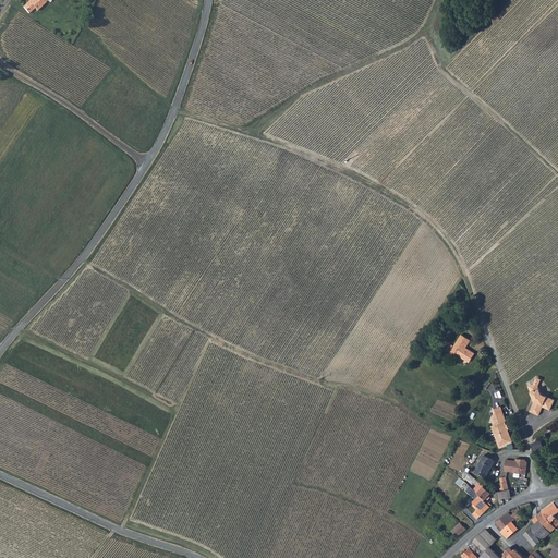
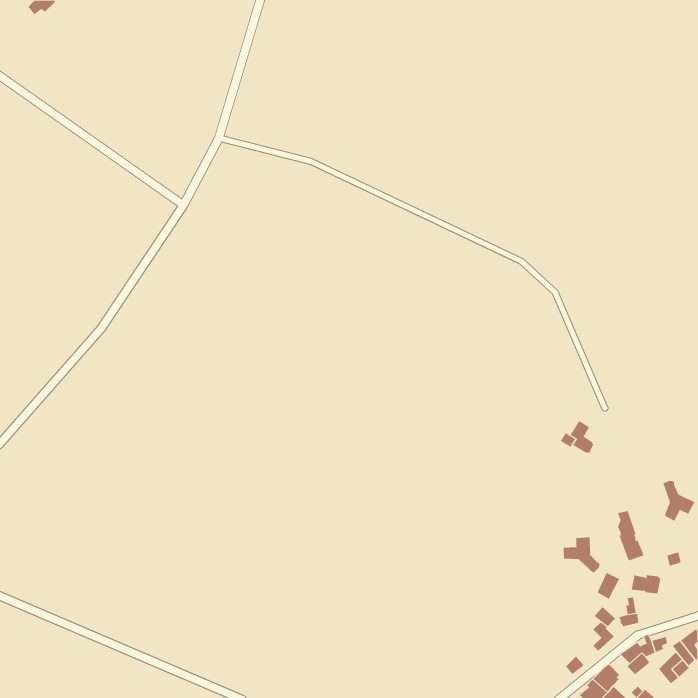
building: none -> [563,536,600,573]

